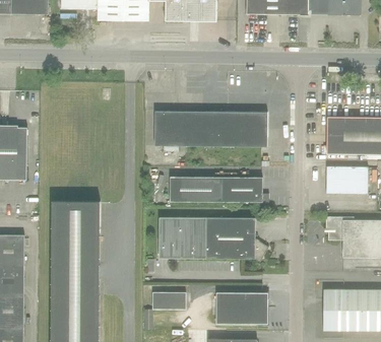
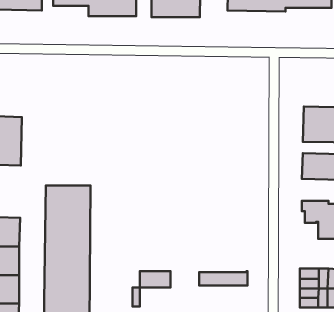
building: [154,111,267,146] -> none
building: [170,176,268,202] -> none
building: [158,216,268,261] -> none
building: [215,306,267,324] -> none

